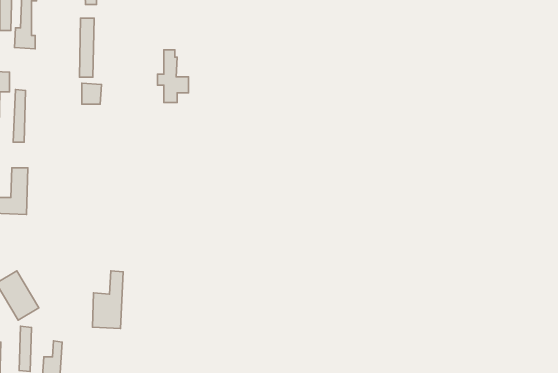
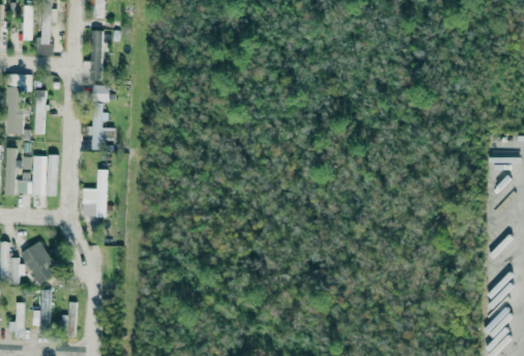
building: [158,50,188,102] -> [88,105,114,149]
building: [92,271,123,328] -> [83,169,109,217]

